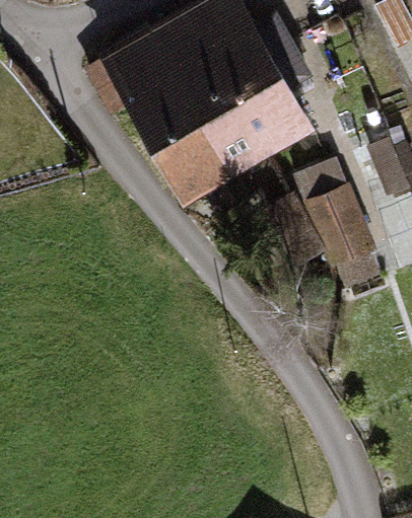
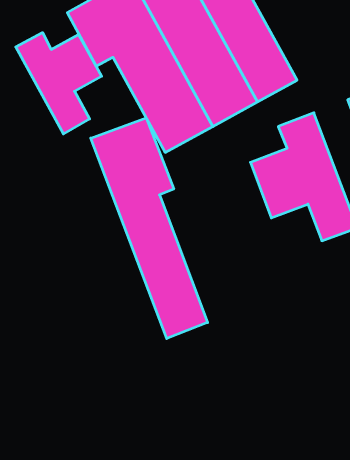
building: none -> [16,33,102,134]
building: none -> [91,118,208,339]

